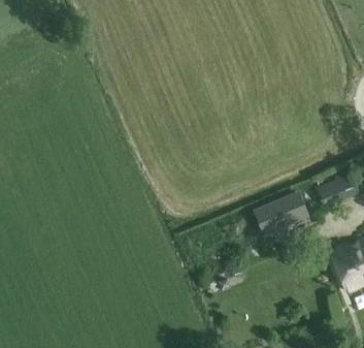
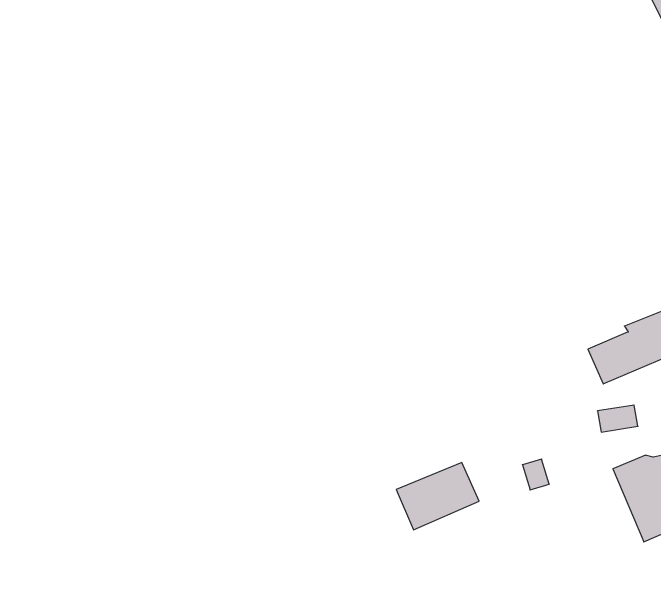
building: [263,194,307,230] -> [396,463,479,530]

